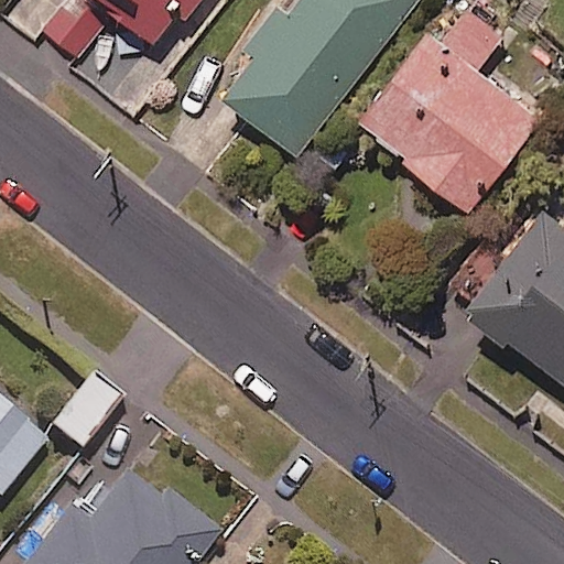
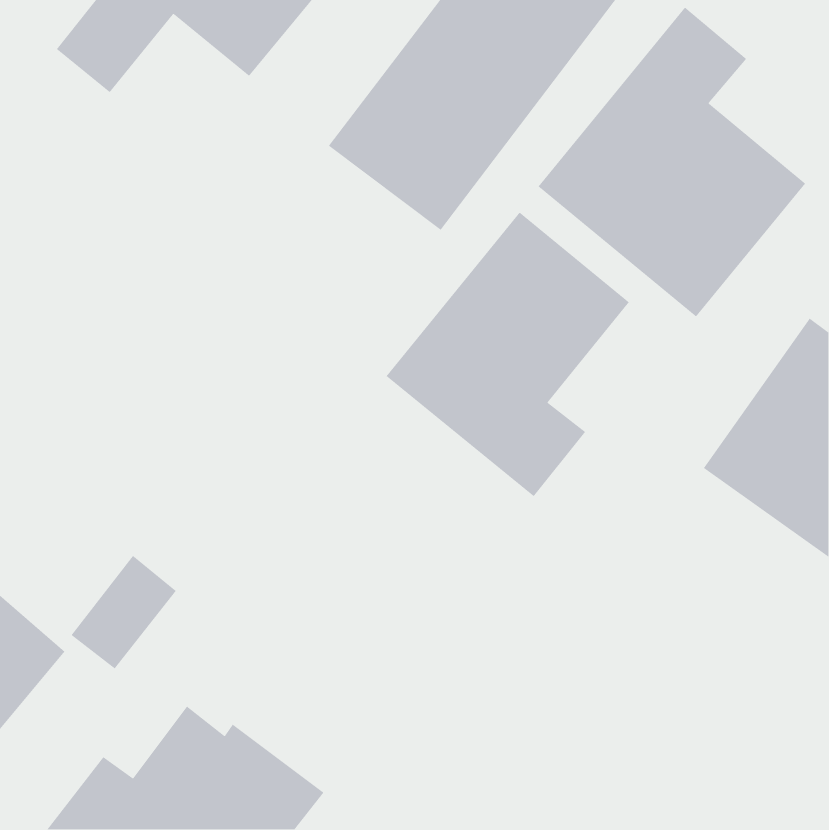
building: none -> [386,212,630,497]

